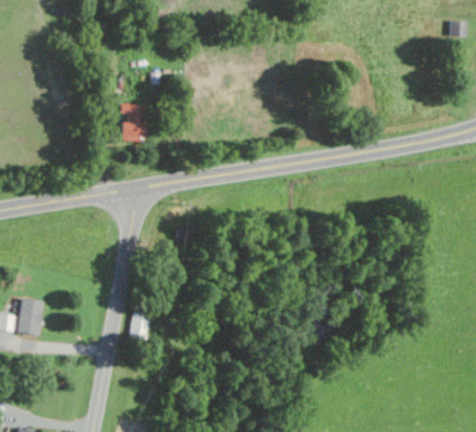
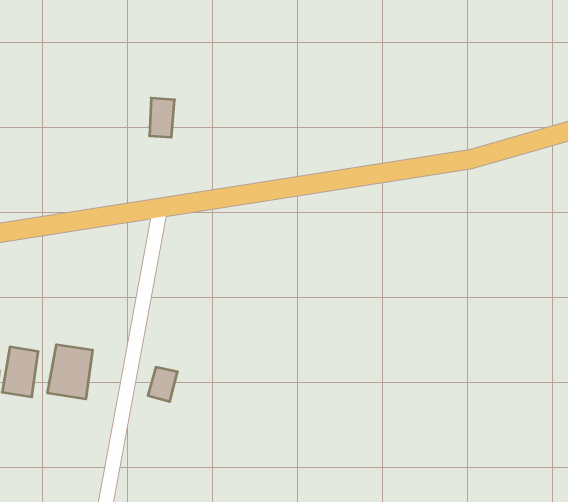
building: none -> [48,345,93,399]

